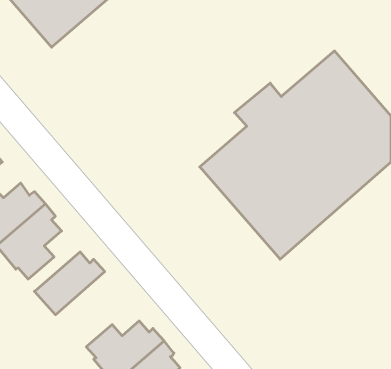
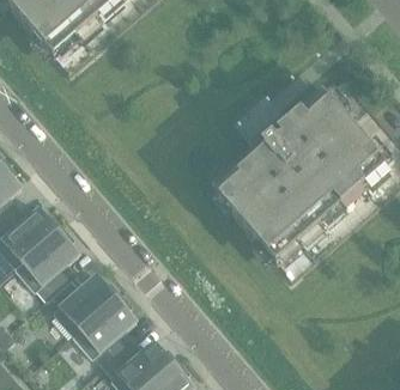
building: none -> [69,291,133,364]

